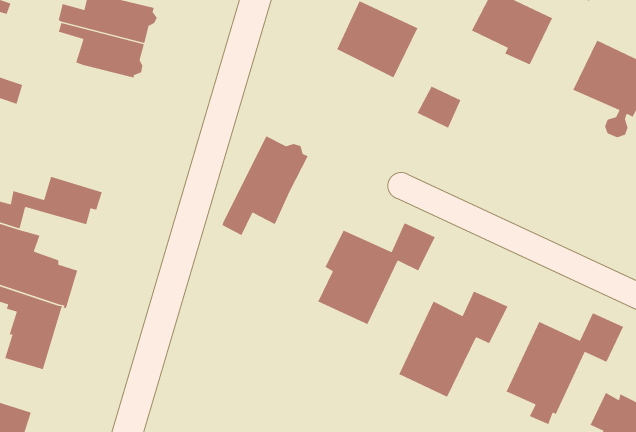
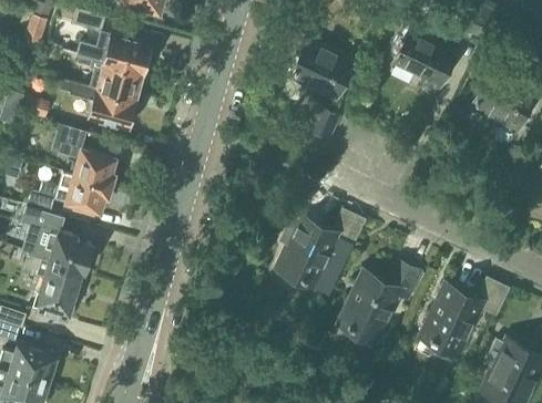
building: none -> [60,79,136,127]
building: [417,85,462,129] -> [305,105,339,138]
building: none -> [52,124,115,185]
building: [222,135,309,236] -> none

